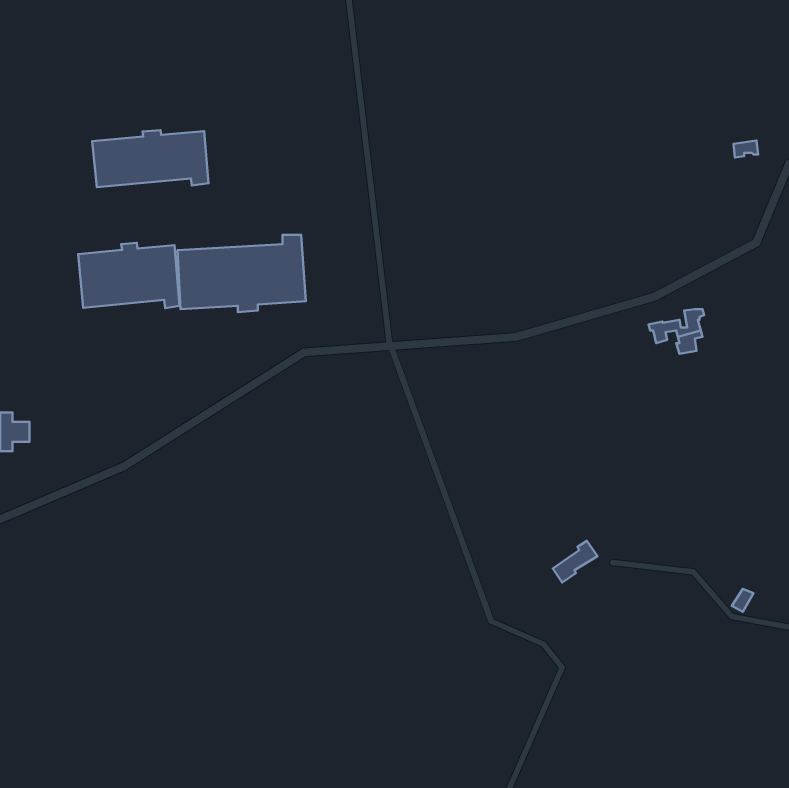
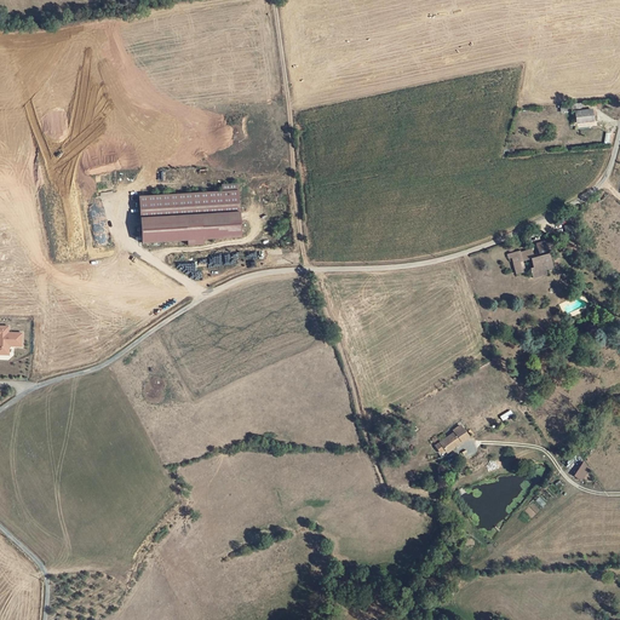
building: [92,130,208,187] -> none
building: [78,243,179,308] -> none

